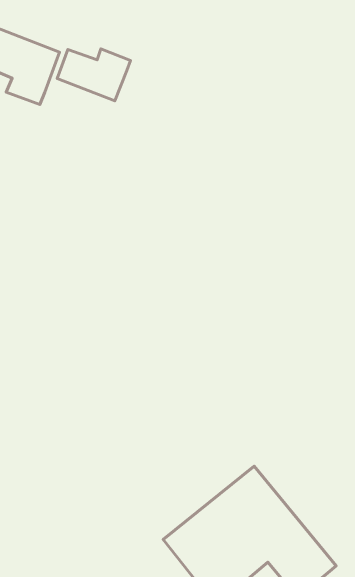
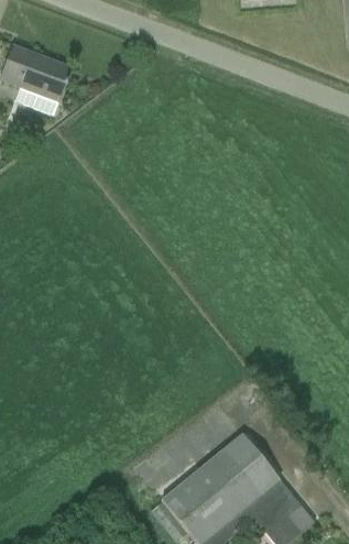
building: [57,49,130,101] -> none

